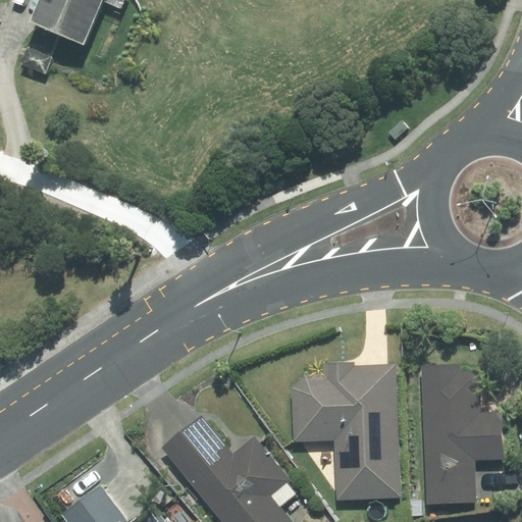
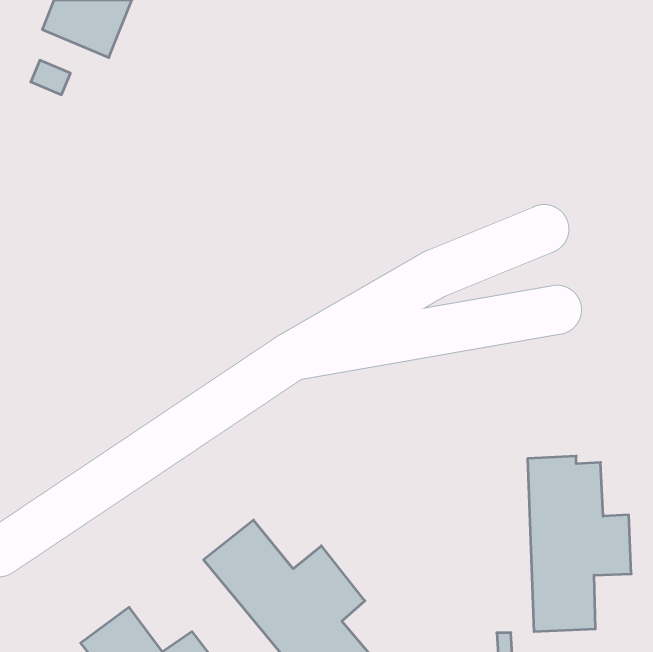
building: [291,362,400,500] -> none

